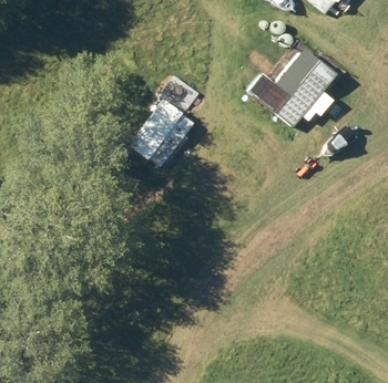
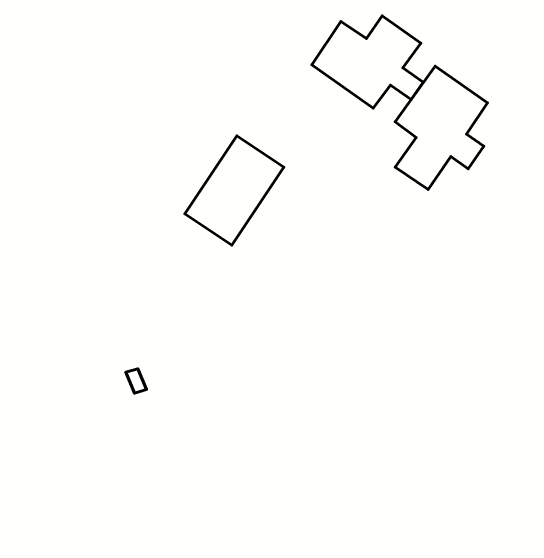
building: none -> [312,16,423,108]

